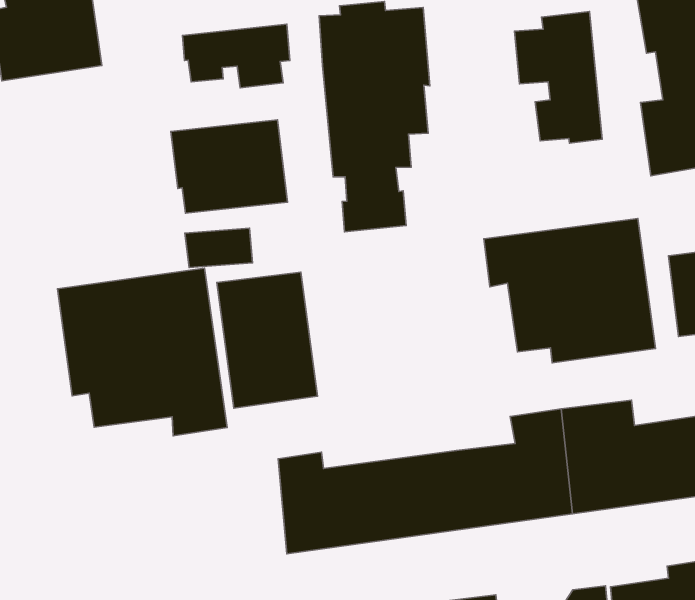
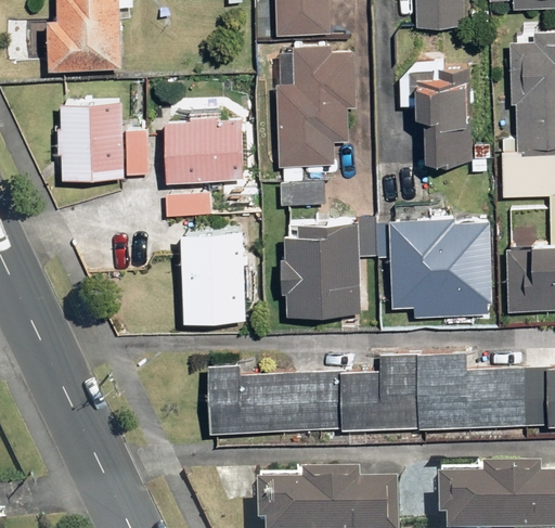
building: [182,24,290,88] -> none
building: none -> [56,100,147,178]
building: none -> [285,220,374,315]
building: [57,268,227,436] -> none

